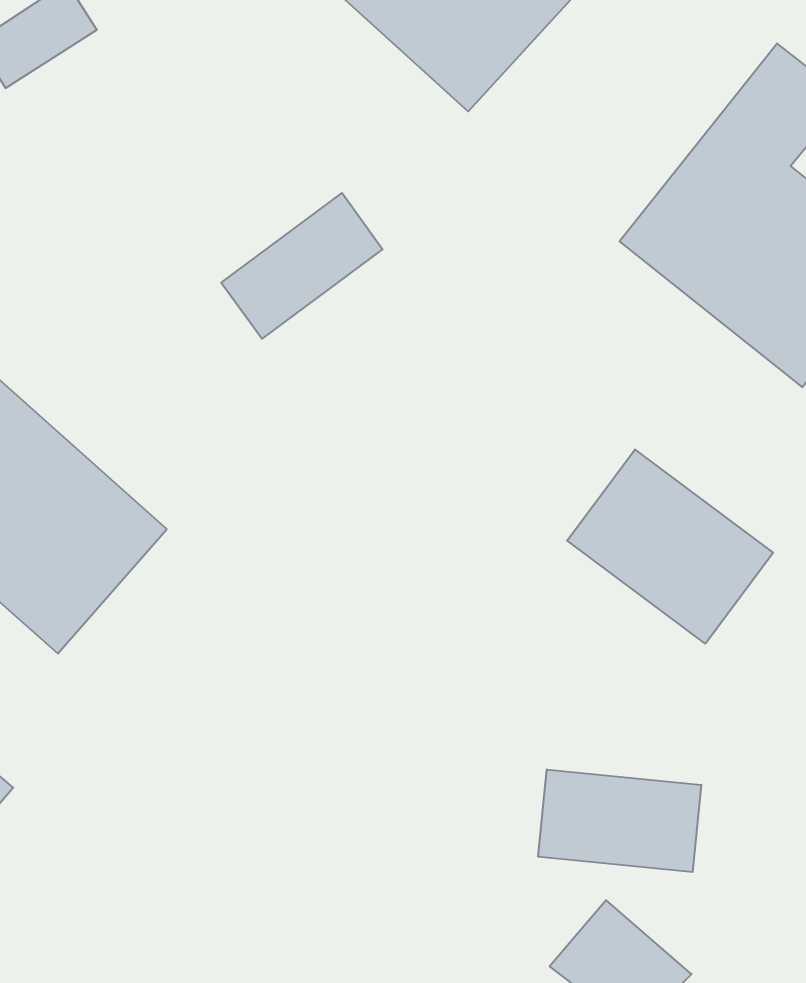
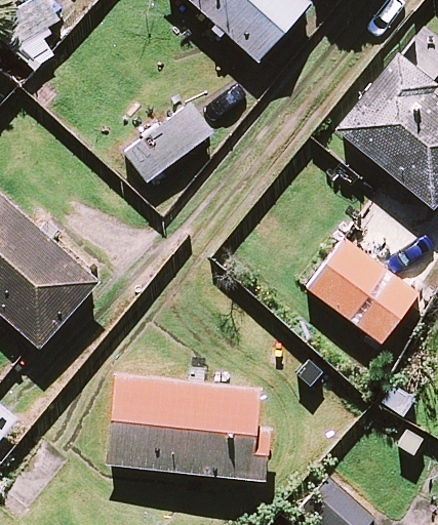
building: none -> [108,375,269,480]
building: [538,769,701,872] -> none

